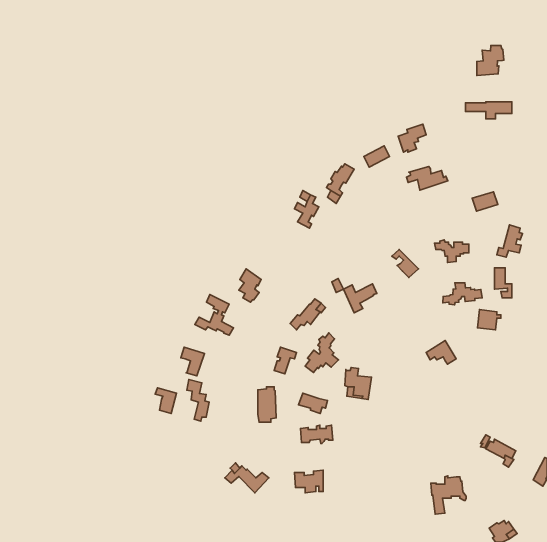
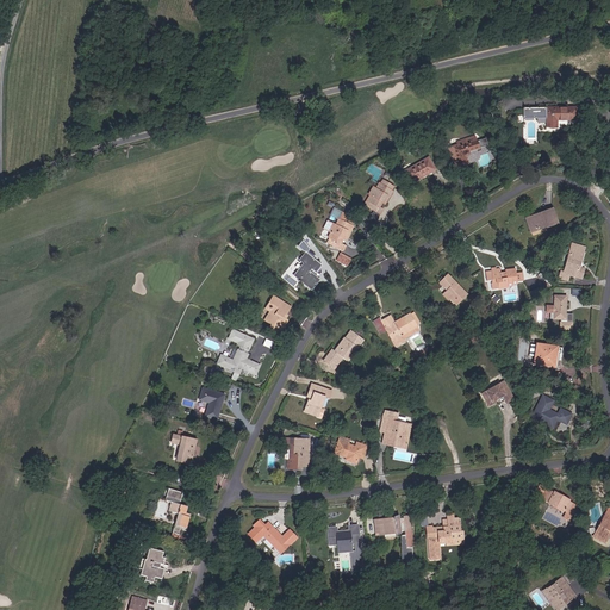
building: [477,45,504,76] -> none
building: [406,167,448,190] -> none
building: none -> [295,247,322,292]
building: [443,283,482,305] -> none
building: [305,333,338,373] -> none
building: none -> [531,397,571,427]
building: [187,380,209,421] -> [167,485,192,531]
building: [301,425,333,443] -> [375,513,411,534]
building: [431,476,466,514] -> [425,517,465,560]
building: none -> [138,544,167,579]

